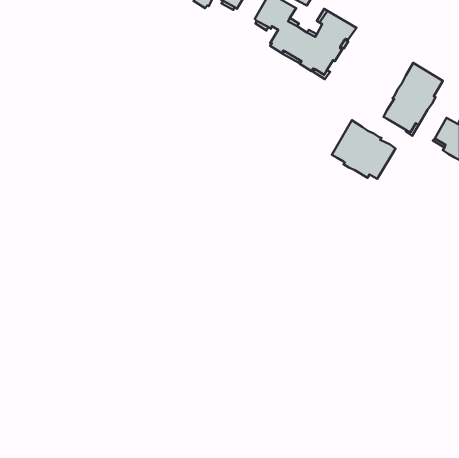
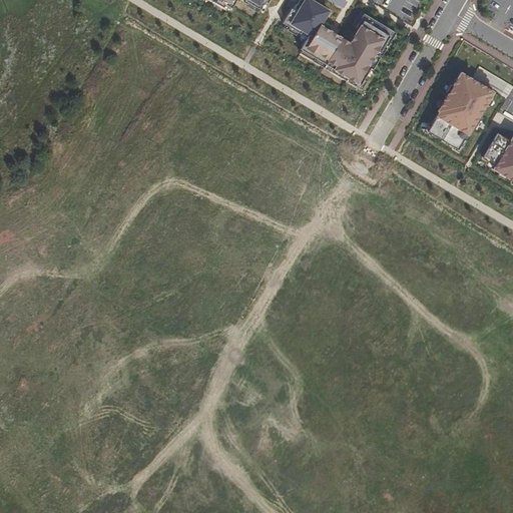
building: [332,120,396,179] -> none

